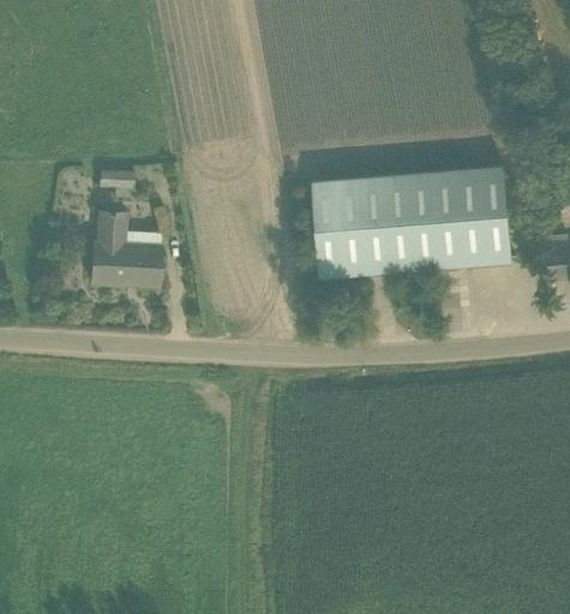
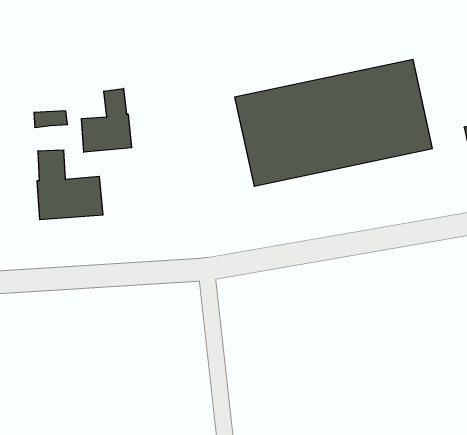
building: none -> [81,88,131,152]

